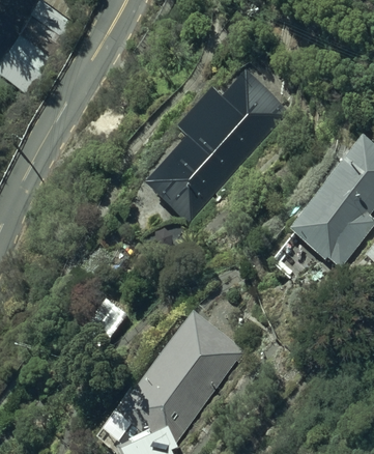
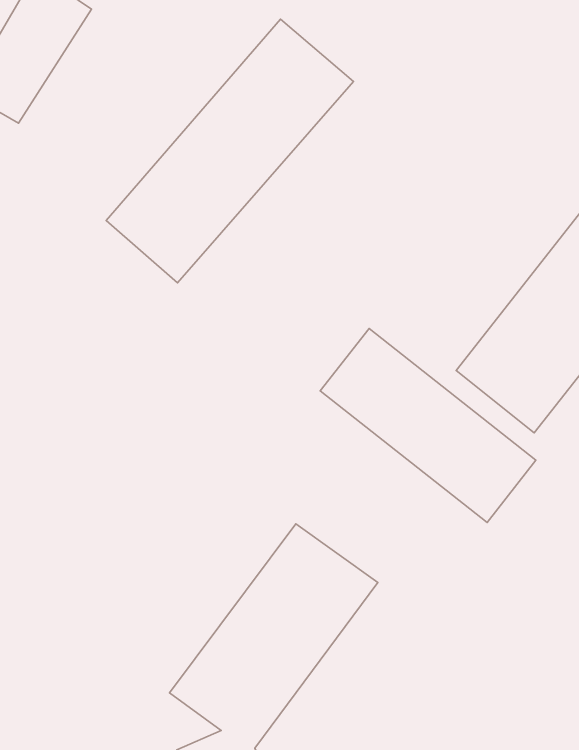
building: [146,67,290,221] -> [106,19,354,283]
building: none -> [320,328,536,523]

